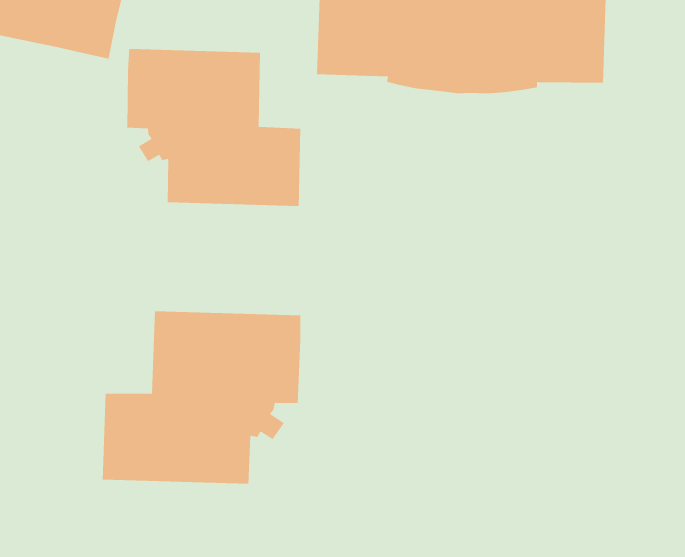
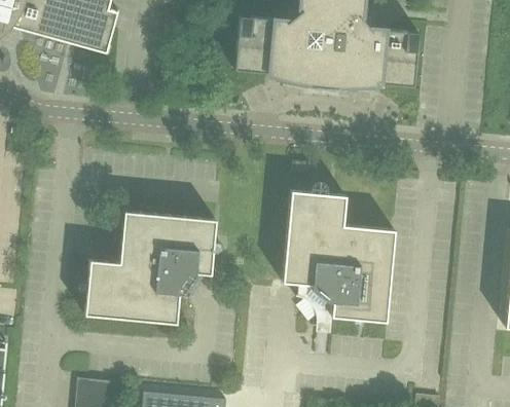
building: [126,48,301,207] -> none
building: none -> [283,190,395,322]

